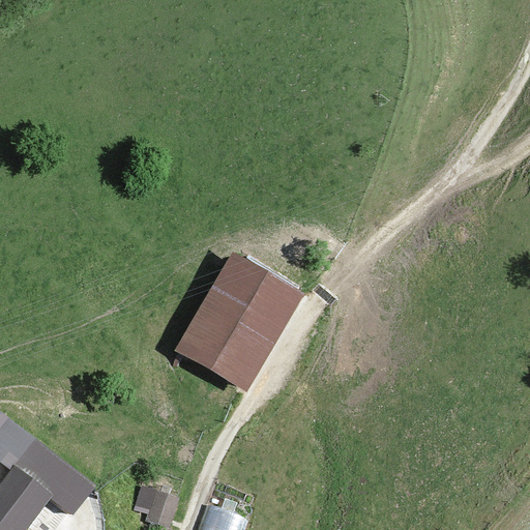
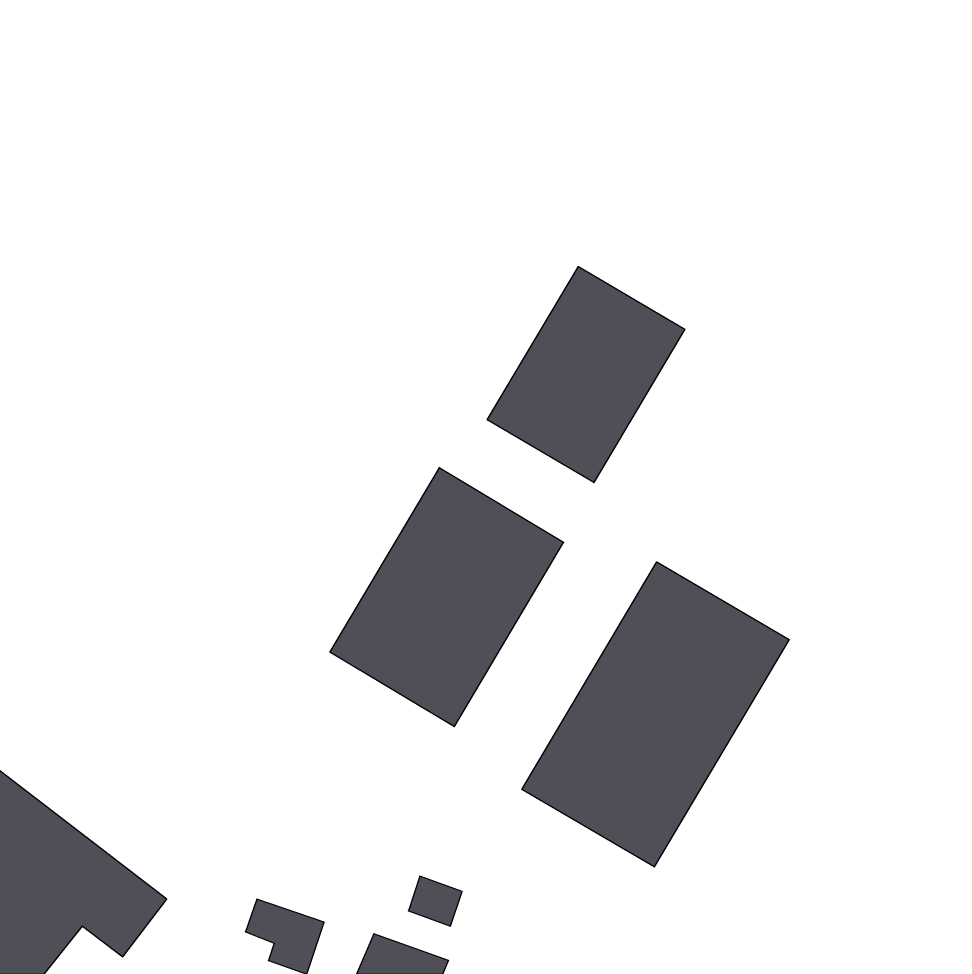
building: none -> [487,267,685,483]
building: none -> [522,562,789,867]

